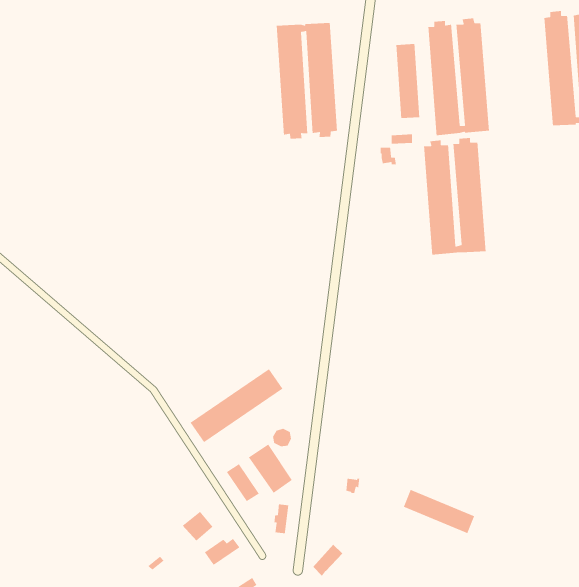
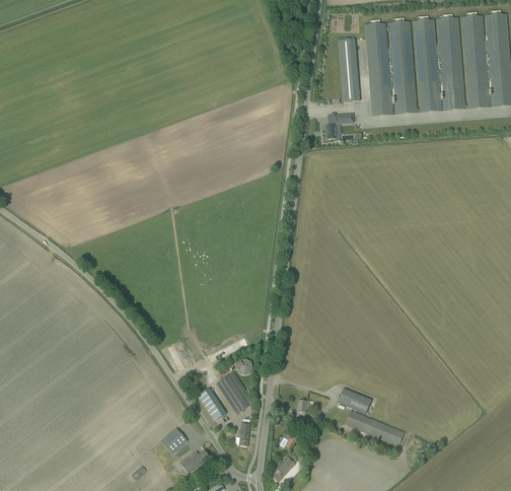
building: [276,22,338,139] -> none
building: [423,137,487,255] -> [413,13,465,112]
building: [190,368,283,443] -> none
building: none -> [337,388,371,414]

